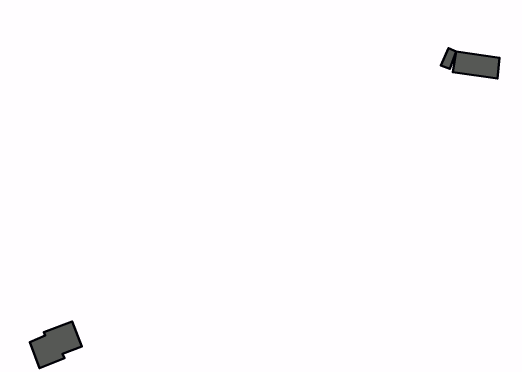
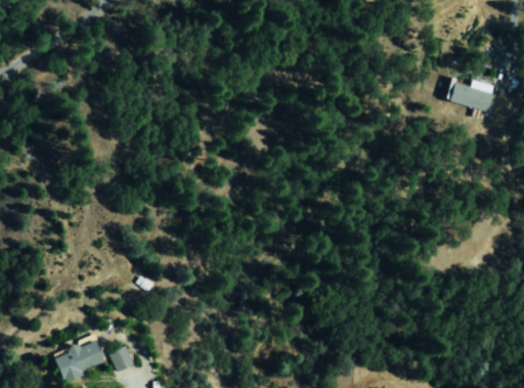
building: none -> [112,345,136,371]

